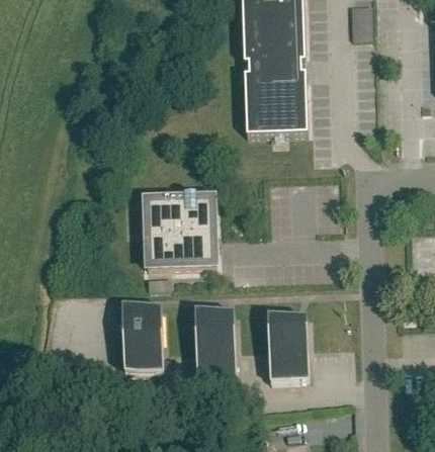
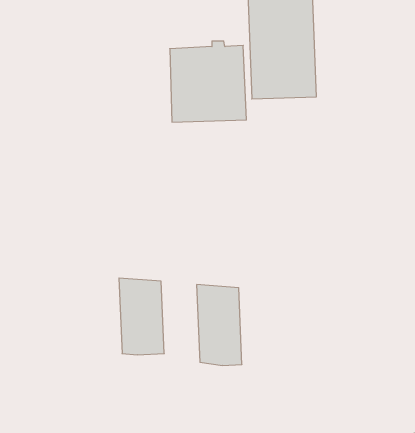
building: [146,189,218,265] -> [170,41,246,122]
building: [268,311,311,379] -> none

